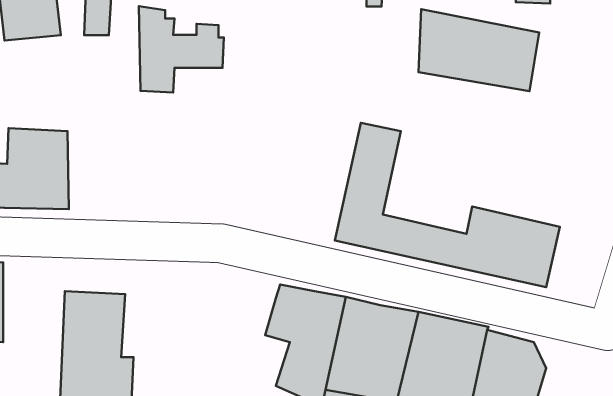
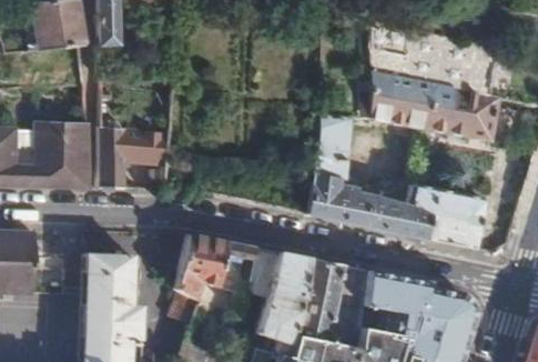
building: [139,6,224,92] -> [100,118,169,188]
building: none -> [372,76,501,142]
building: none -> [179,234,260,310]

